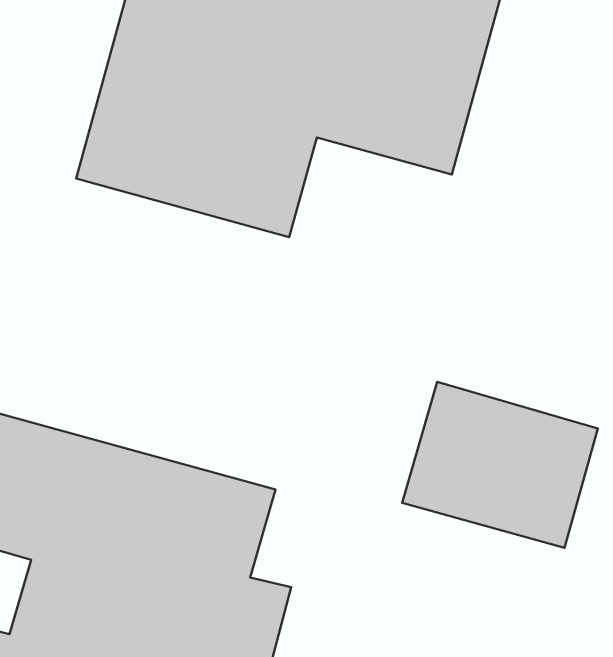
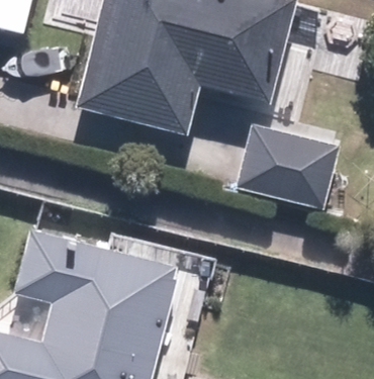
building: [402,382,598,548] -> [235,125,336,211]

